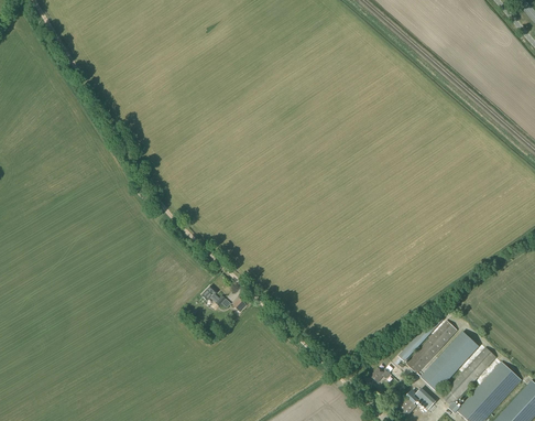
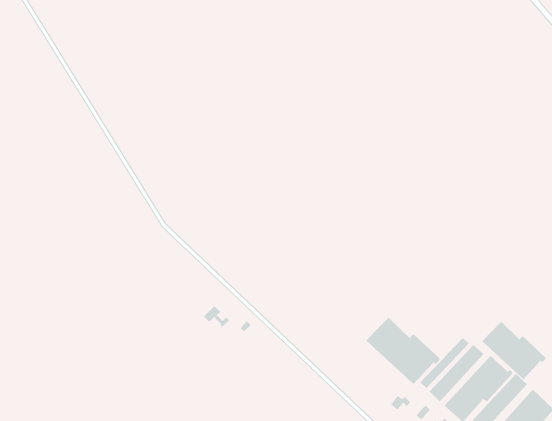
building: none -> [366,317,441,385]
building: none -> [481,321,547,380]

